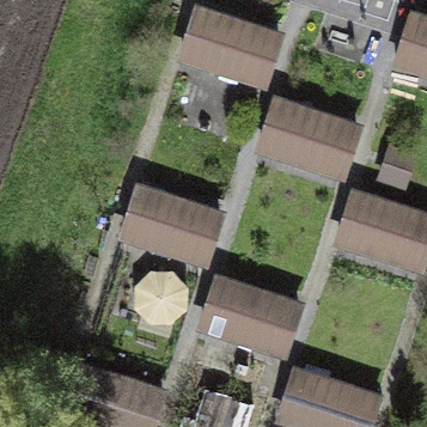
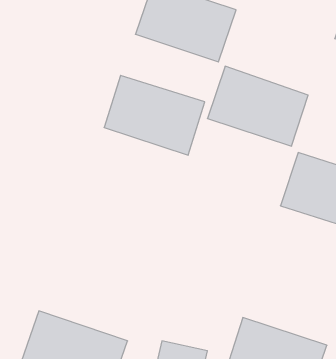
building: [117,183,226,269] -> [104,75,205,155]
building: [195,273,305,360] -> none

